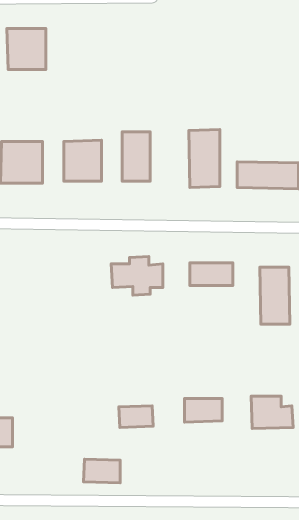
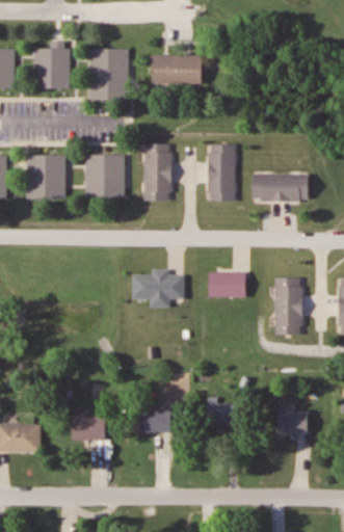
building: none -> [87,49,128,100]
building: none -> [154,55,204,80]
building: [84,459,120,483] -> [69,417,104,440]

